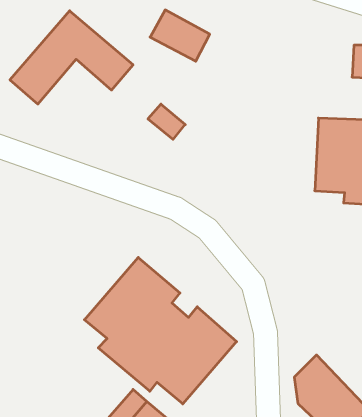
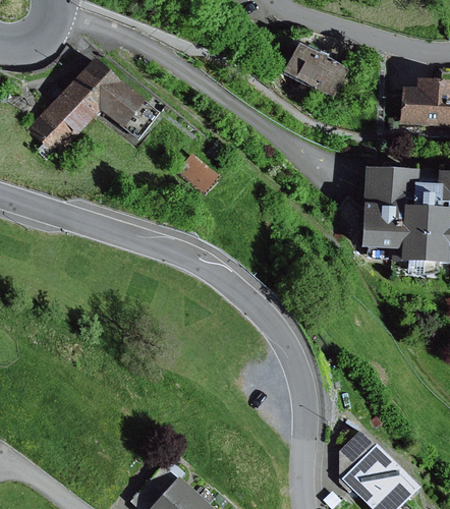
building: [150,10,210,61] -> [283,45,348,101]
building: [84,257,237,404] -> none

